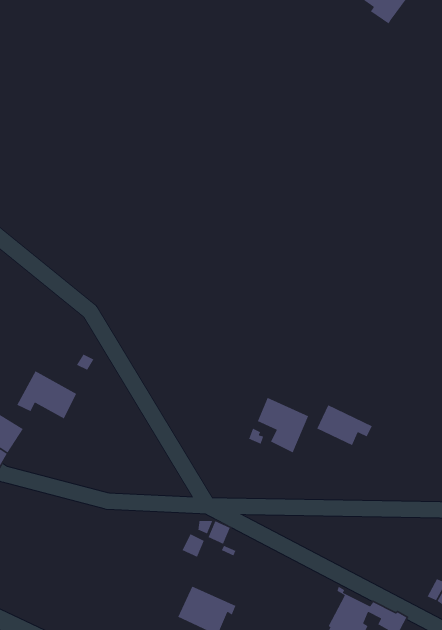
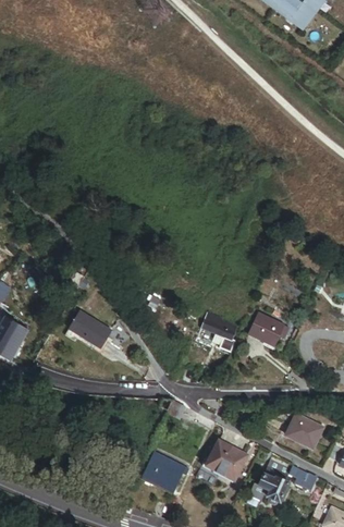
building: [16,370,77,420] -> [65,315,111,352]
building: none -> [283,409,322,445]
building: none -> [208,438,249,479]

